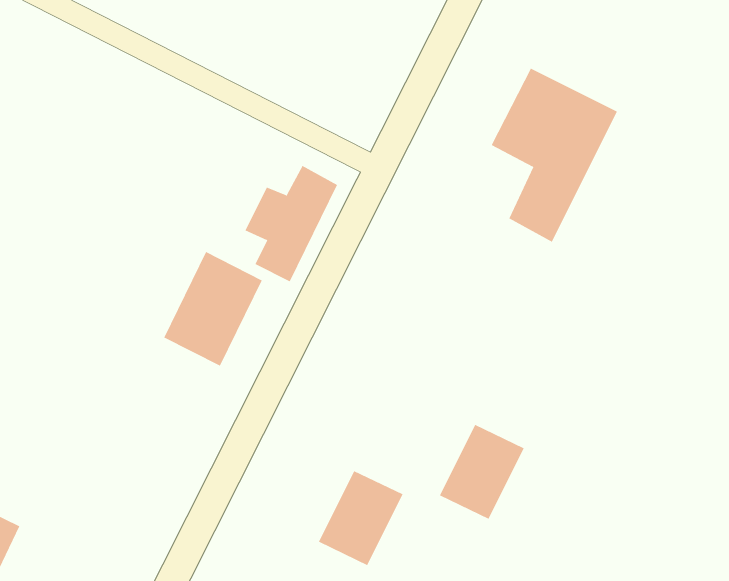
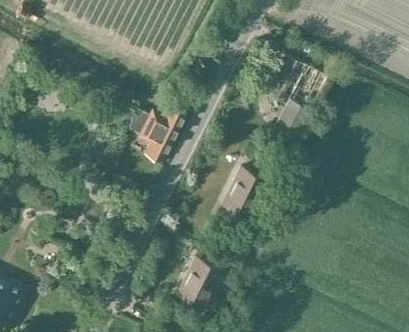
building: [164,251,262,367] -> none
building: [439,424,525,519] -> [221,169,264,217]

